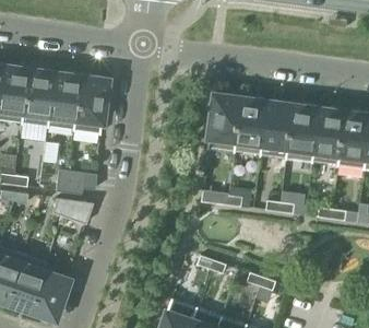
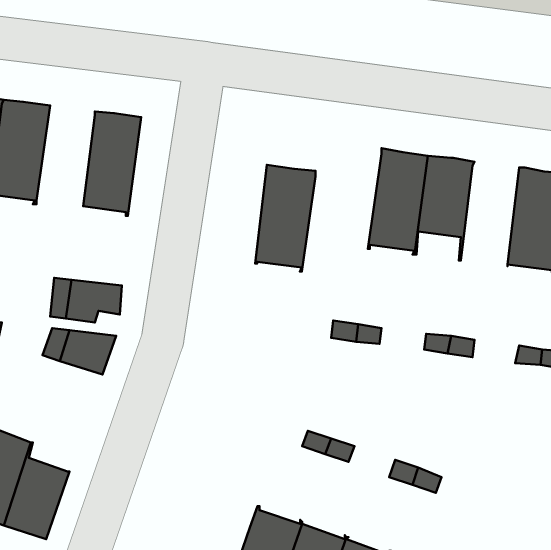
building: [47,72,80,131] -> none
building: [207,93,241,153] -> [255,165,315,271]
building: [286,104,319,163] -> none

